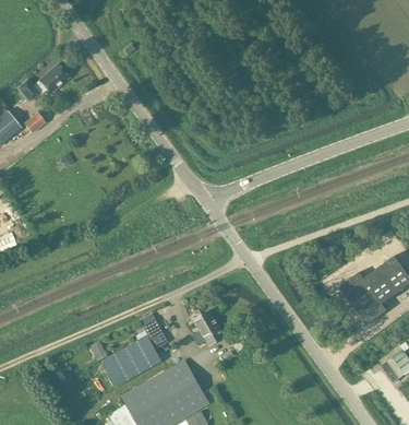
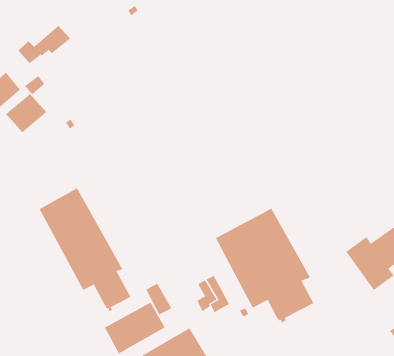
building: none -> [5,93,47,133]
building: none -> [39,188,131,313]
building: none -> [215,208,314,324]

